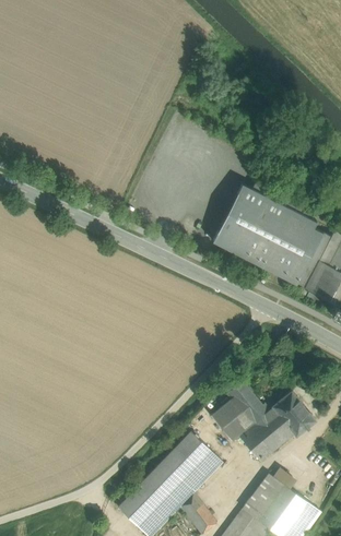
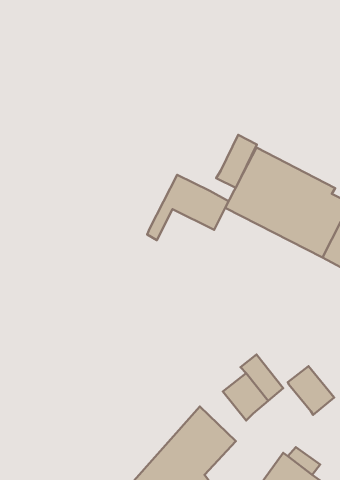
building: none -> [216,135,257,188]
building: none -> [147,175,229,240]
building: [239,408,294,462] -> none

